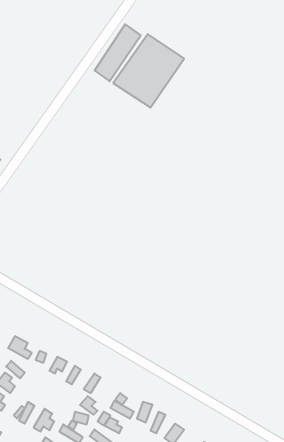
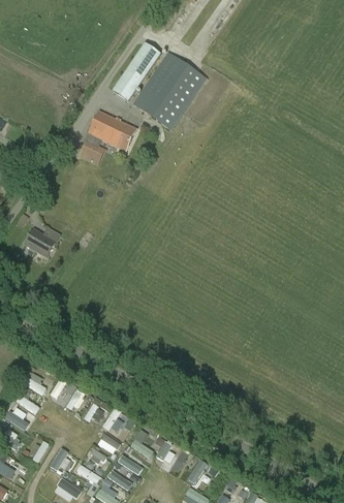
building: none -> [81,112,136,160]
building: none -> [25,229,56,257]

